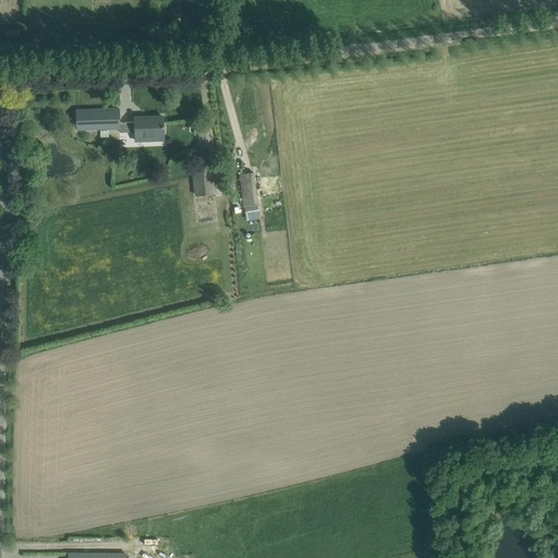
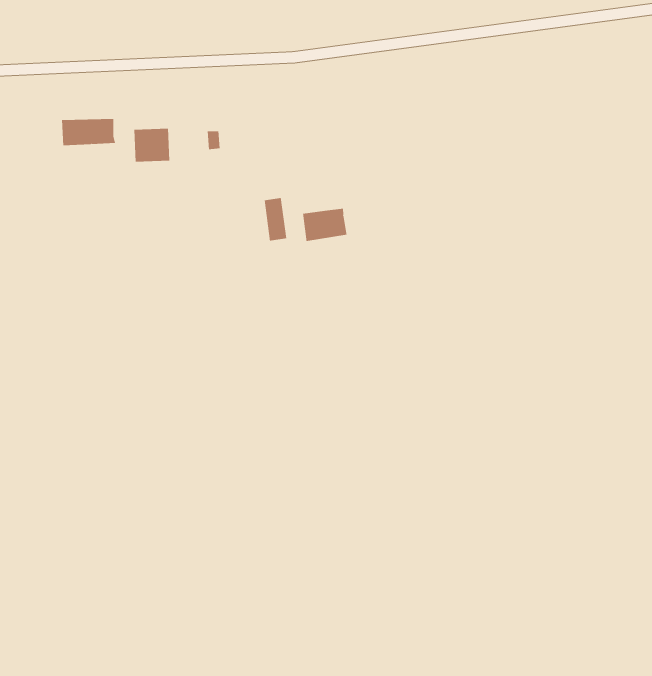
building: [191,165,216,194] -> none
building: none -> [302,208,347,242]

